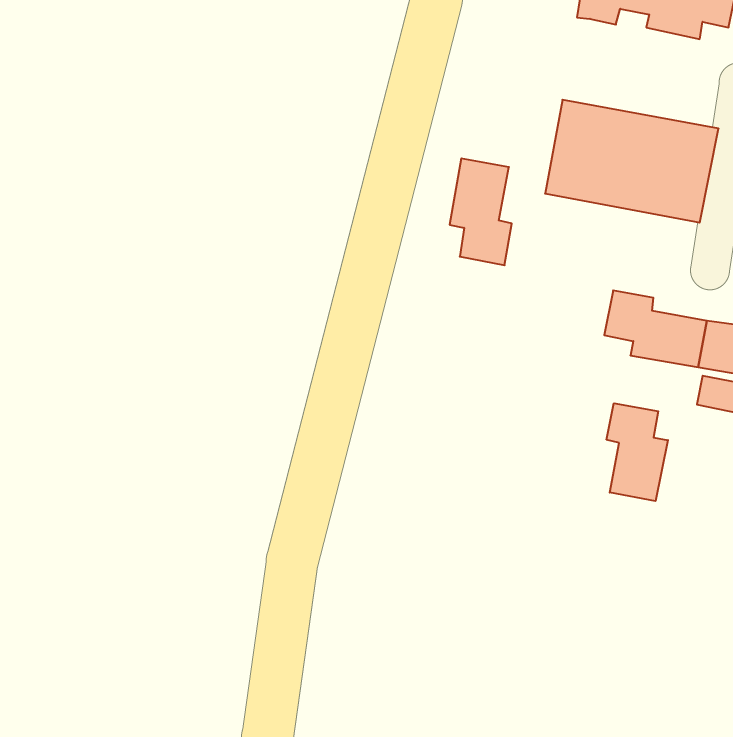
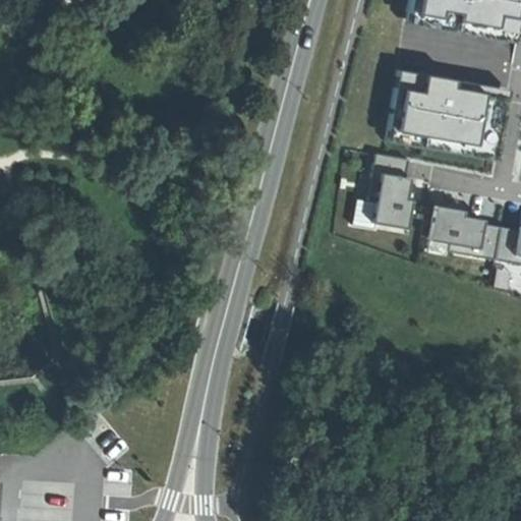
building: [450,158,512,265] -> [368,153,412,228]
building: [607,403,668,501] -> none

